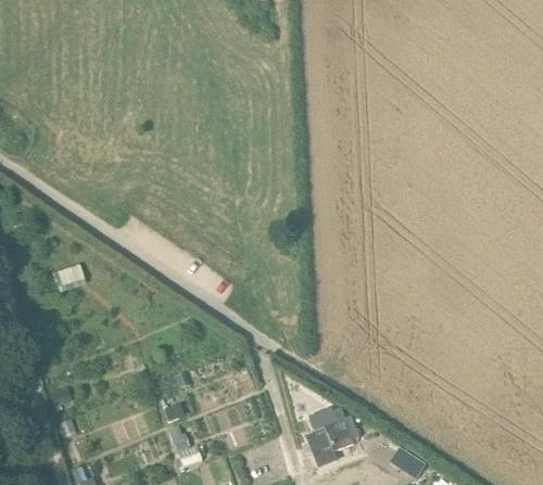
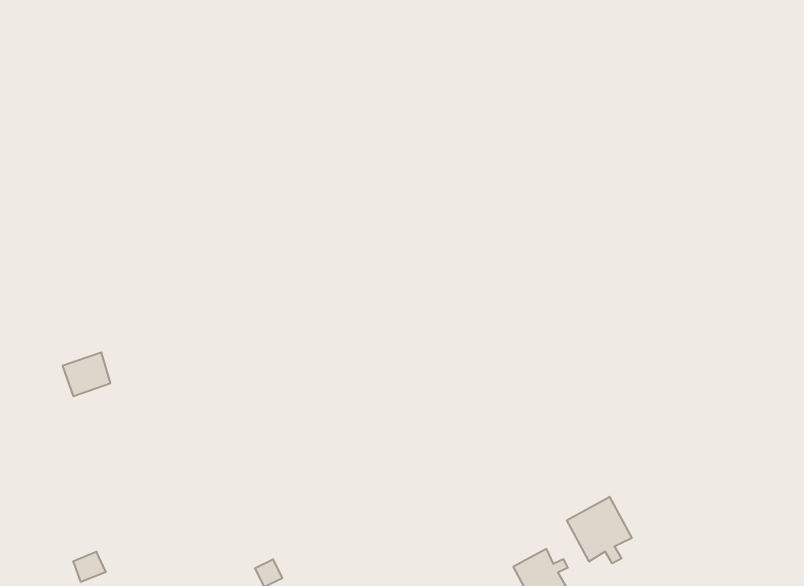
building: none -> [567,497,632,563]

